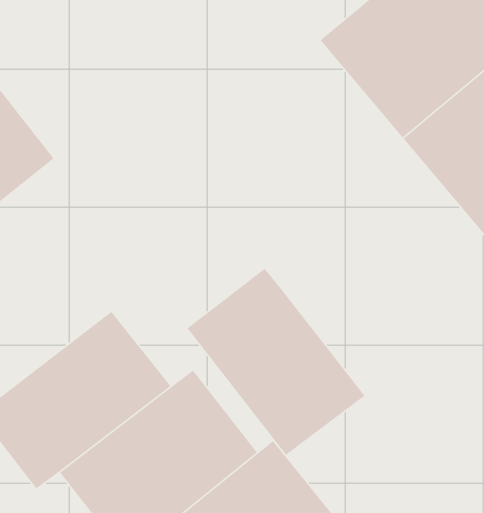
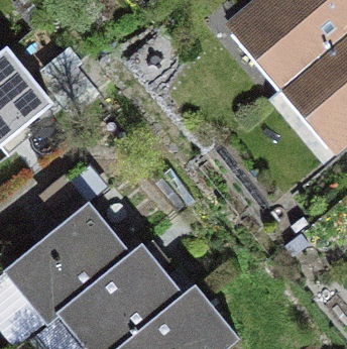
building: [187,268,366,456] -> none

